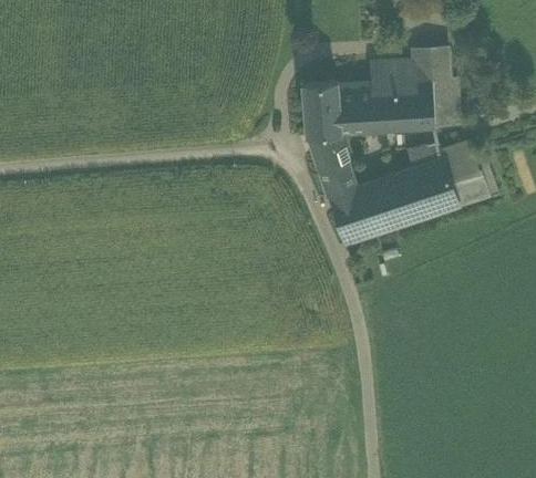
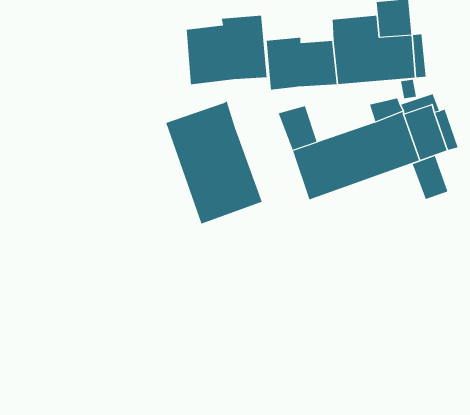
building: none -> [186,15,267,85]
building: [307,132,342,158] -> none
building: none -> [166,100,262,225]
building: none -> [412,155,448,200]

